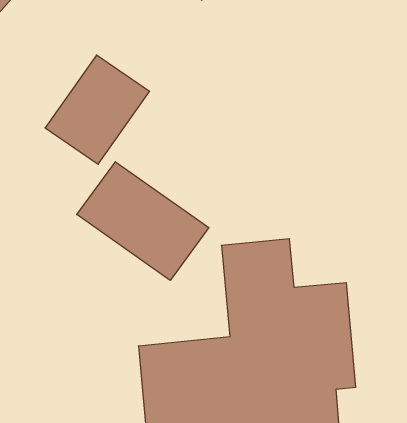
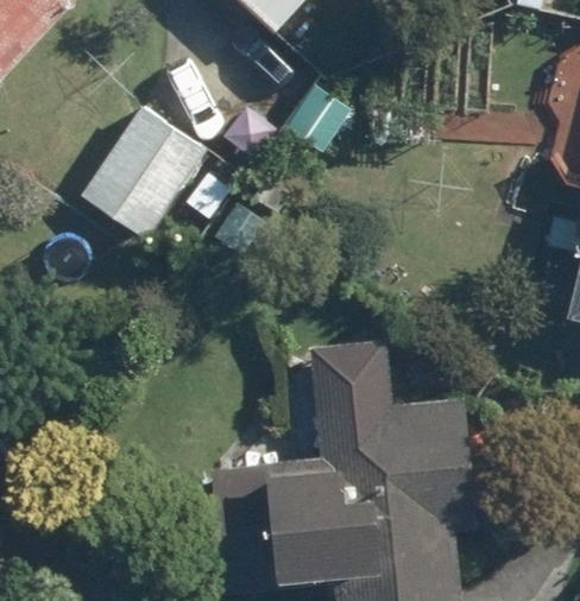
building: [77,162,209,280] -> none

